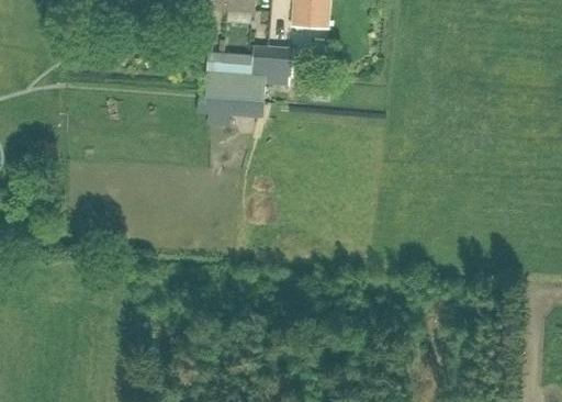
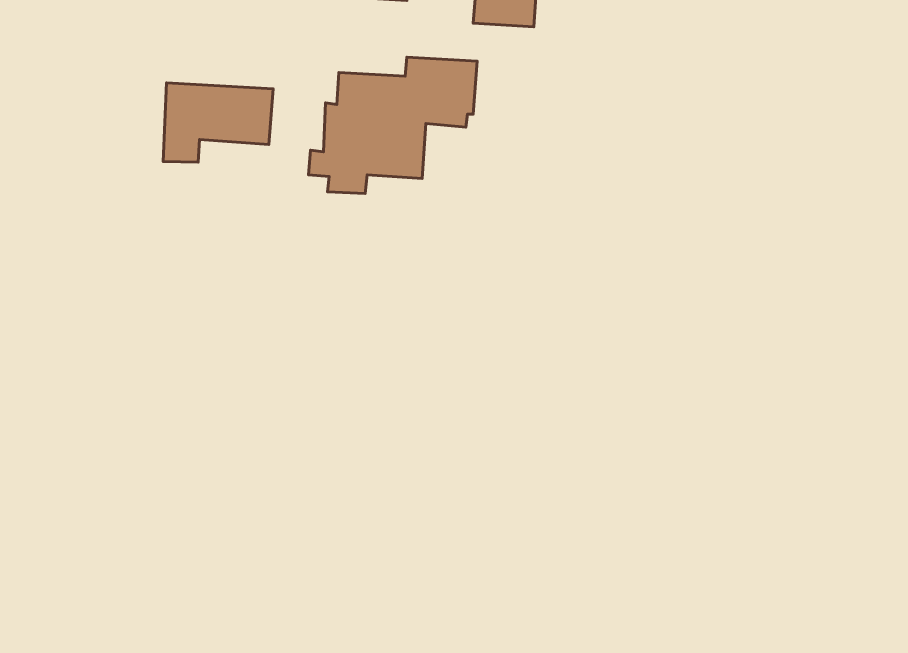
building: none -> [163,83,273,162]

